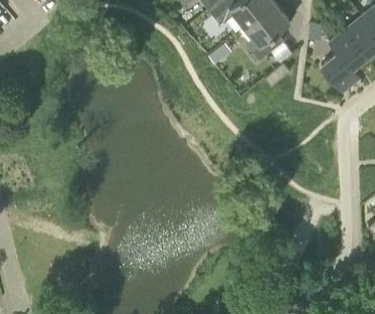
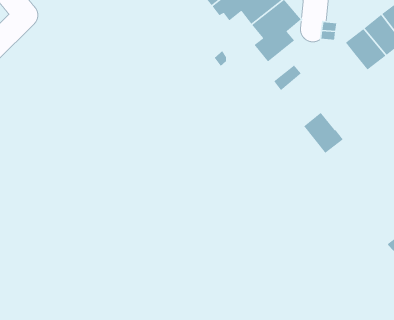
building: [321,52,358,91] -> [303,112,344,154]

